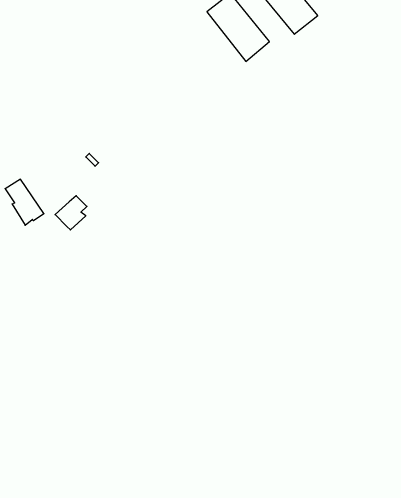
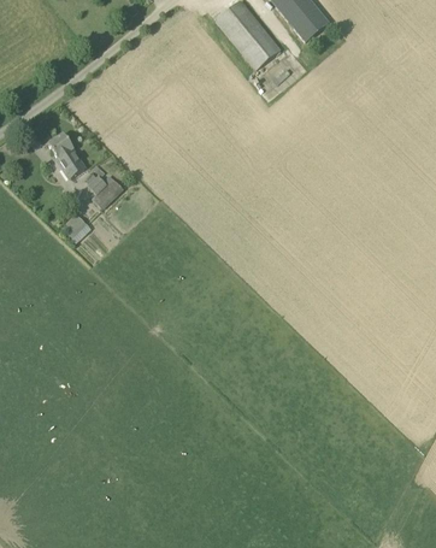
building: none -> [90,173,122,208]
building: [5,179,44,225] -> [46,132,86,179]

